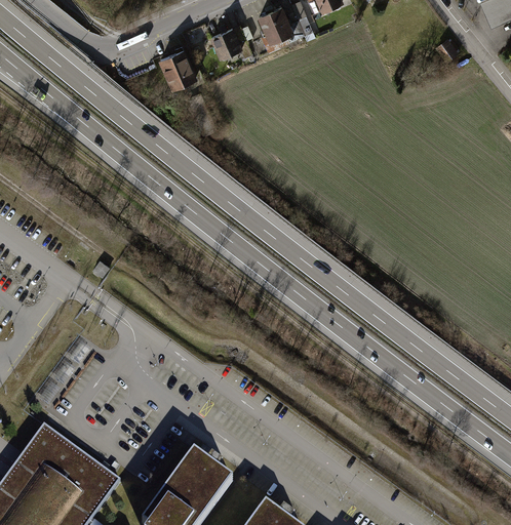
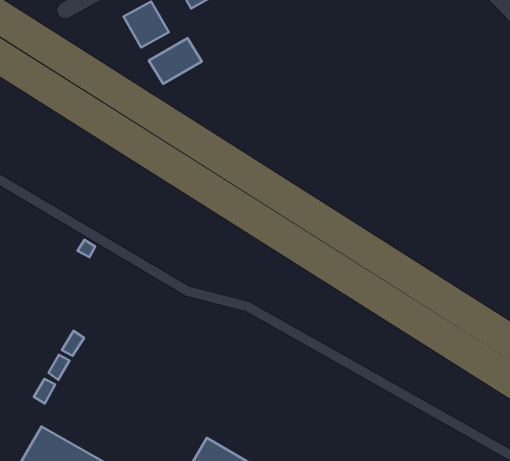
building: none -> [149,38,202,84]

